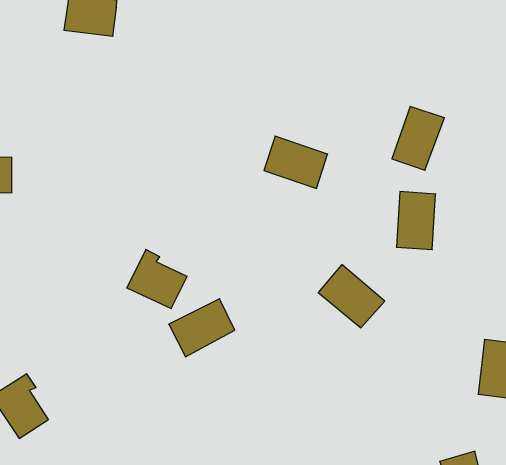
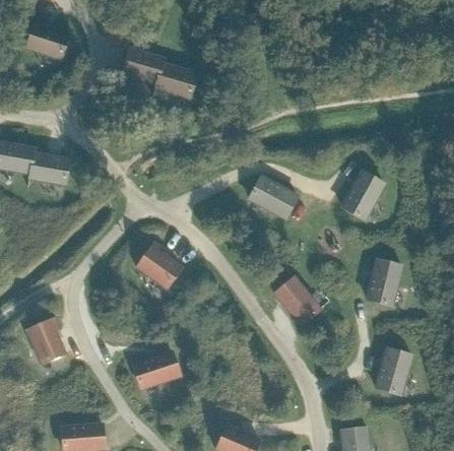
building: none -> [155,64,197,100]
building: [396,192,436,250] -> [367,259,401,305]
building: [169,299,235,357] -> [132,350,179,388]

